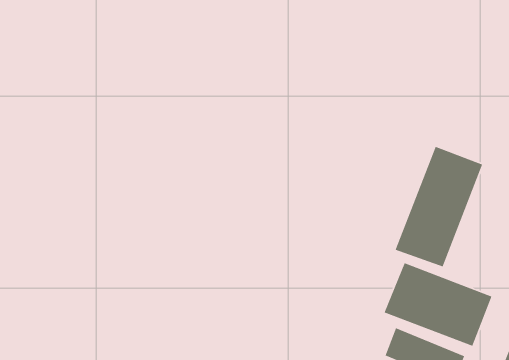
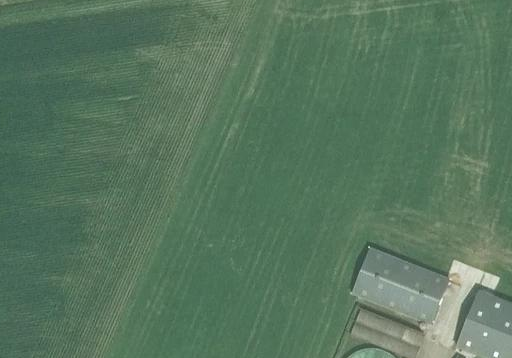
building: [394,146,483,267] -> none

